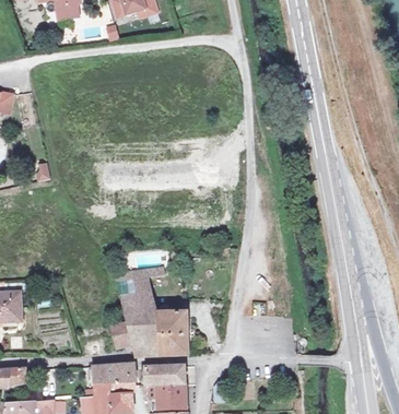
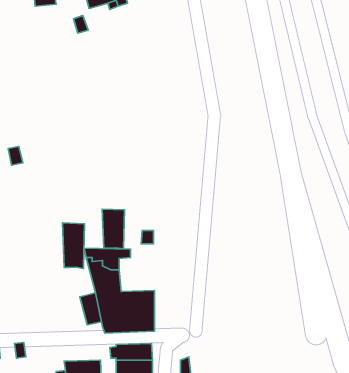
building: none -> [102,209,124,249]
building: none -> [63,223,85,268]
building: [94,365,131,387] -> none

